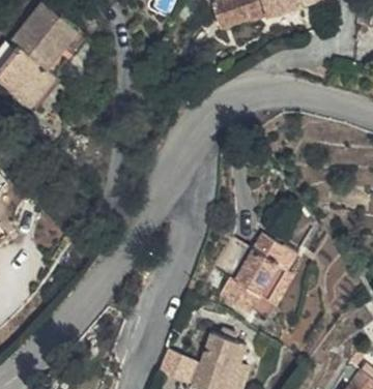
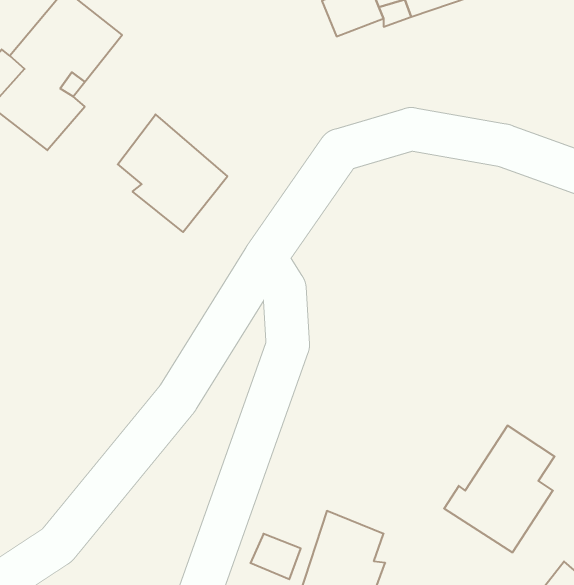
building: none -> [118,114,227,232]
building: [222,235,292,316] -> [444,426,555,552]

